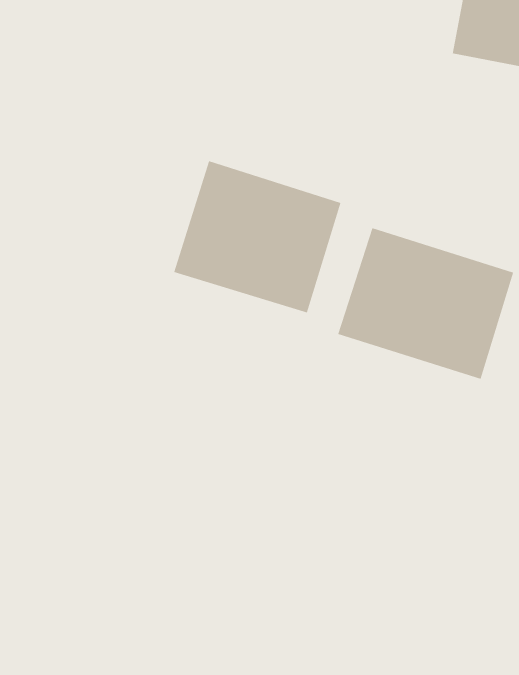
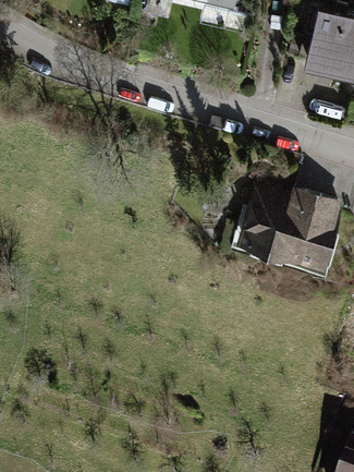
building: [173,160,342,314] -> none

